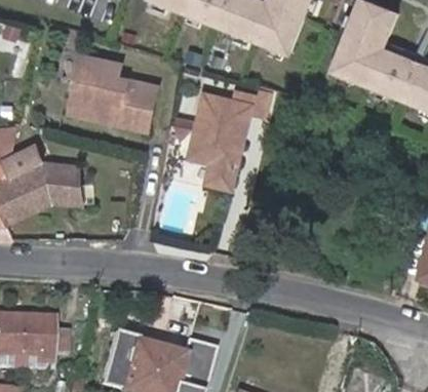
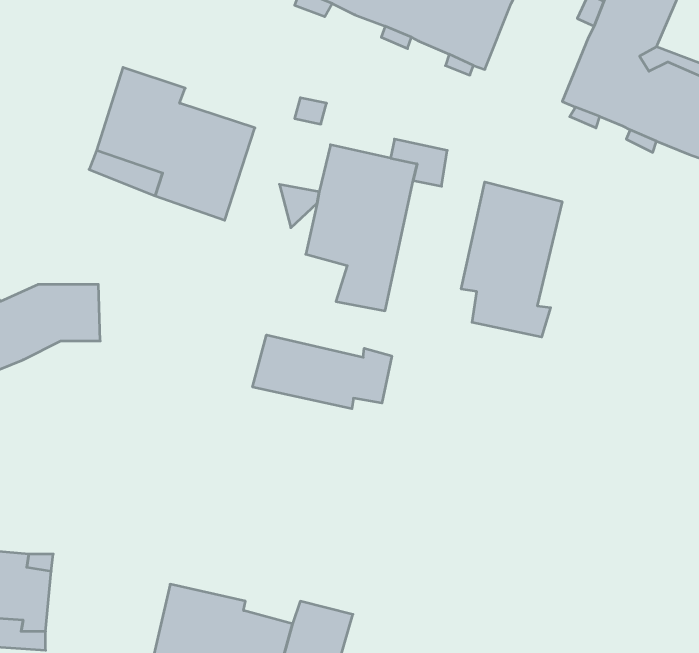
building: none -> [461,182,562,337]
building: none -> [253,335,392,409]

